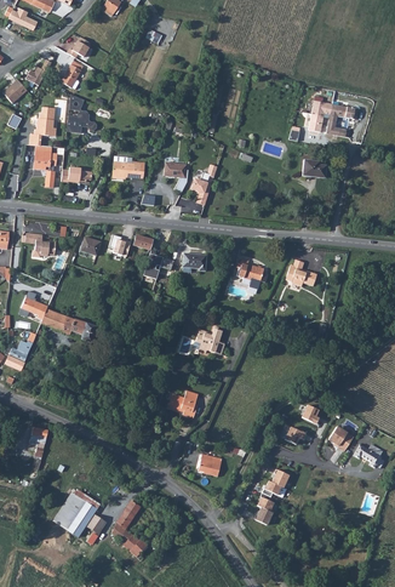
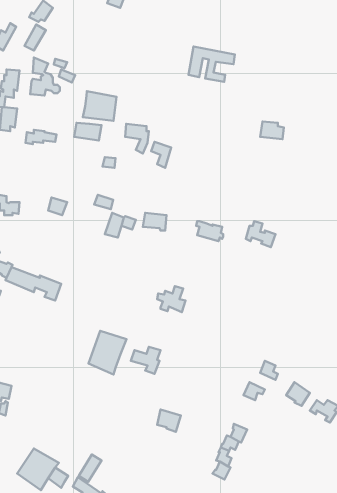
building: [310,99,357,136] -> [189,46,235,82]
building: none -> [83,91,117,121]
building: none -> [89,331,126,375]

